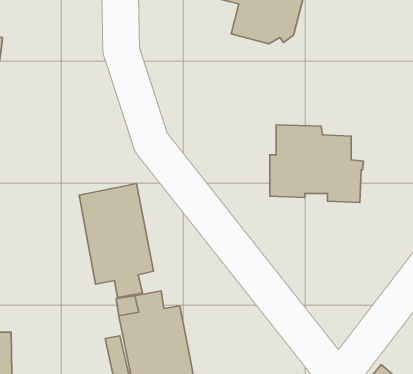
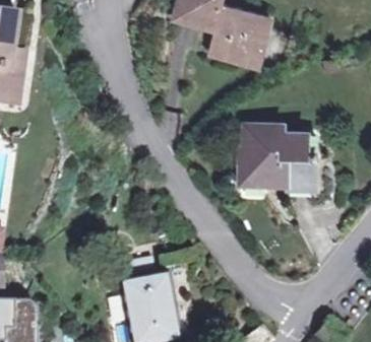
building: [79,184,153,298] -> none

